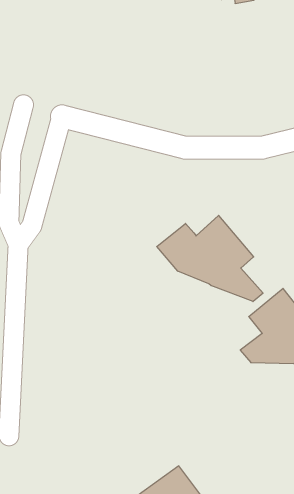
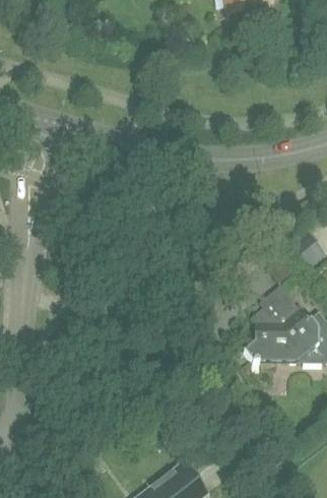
building: [157,215,263,302] -> none

